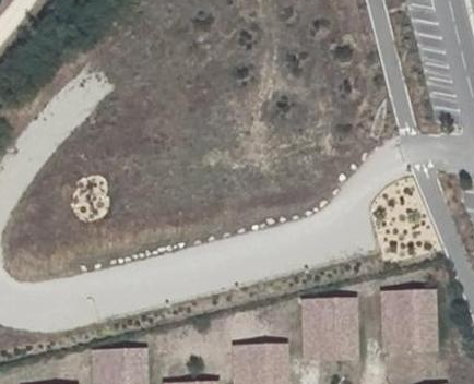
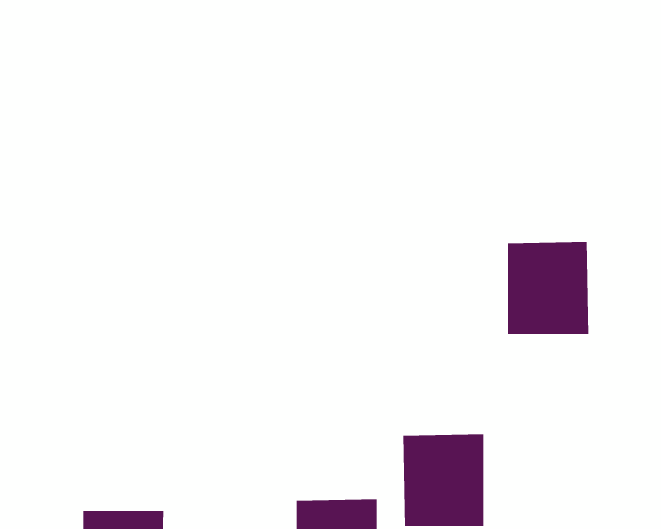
building: [383,291,437,352] -> [507,241,589,335]

